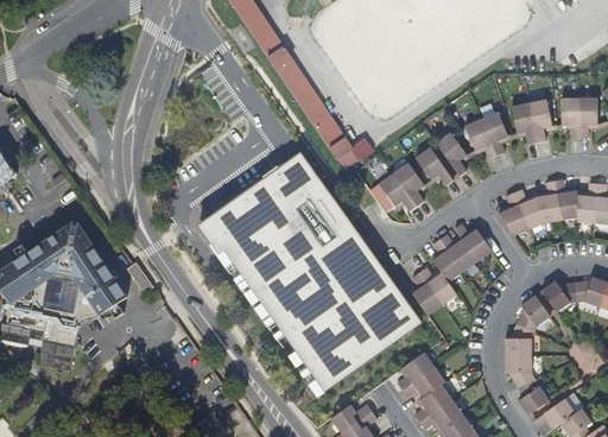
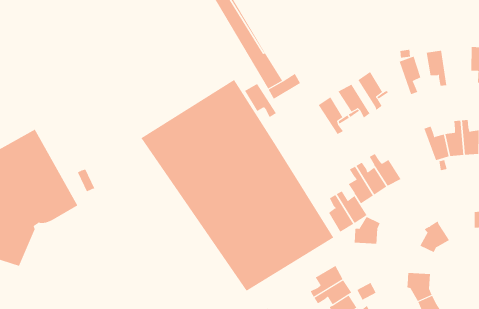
building: [528,100,551,142] -> none
building: [464,119,496,159] -> none
building: [379,173,417,211] -> [244,83,277,118]
building: [498,192,528,235] -> none
building: [540,280,576,311] -> none
building: [505,324,533,355] -> [354,216,380,244]

